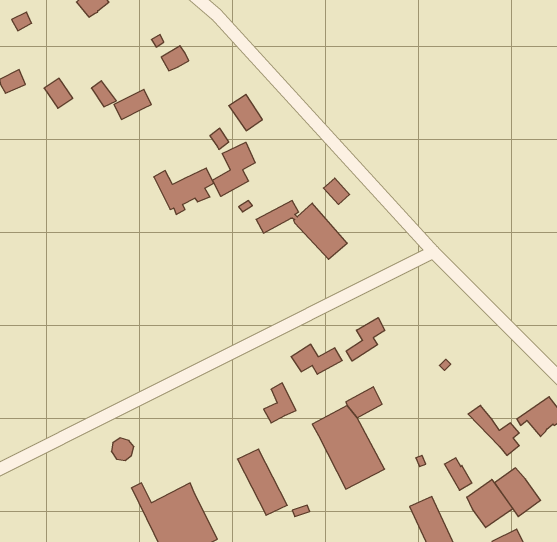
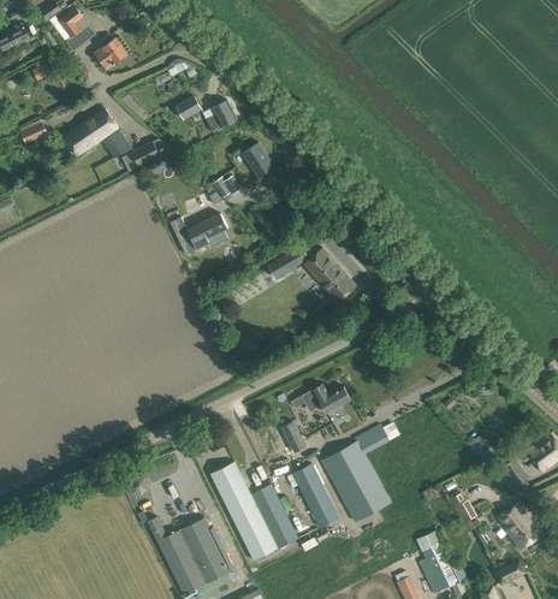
building: none -> [202,101,236,134]
building: none -> [77,109,117,147]
building: [213,142,255,196] -> none
building: [346,318,385,361] -> none
building: none -> [209,462,277,561]
building: none -> [291,464,338,528]
building: [467,479,513,528] -> none

